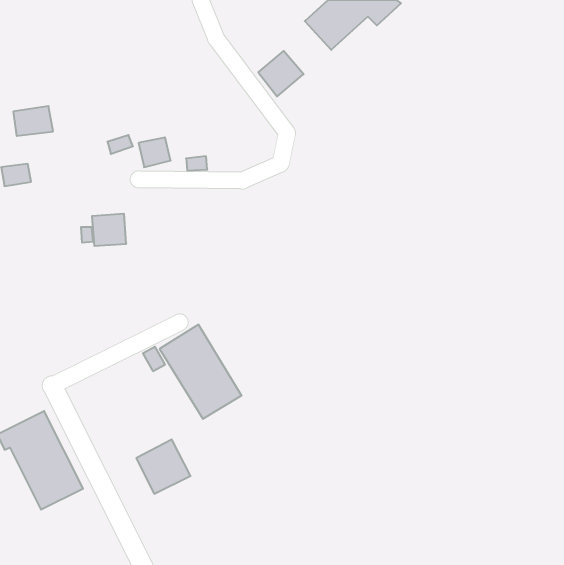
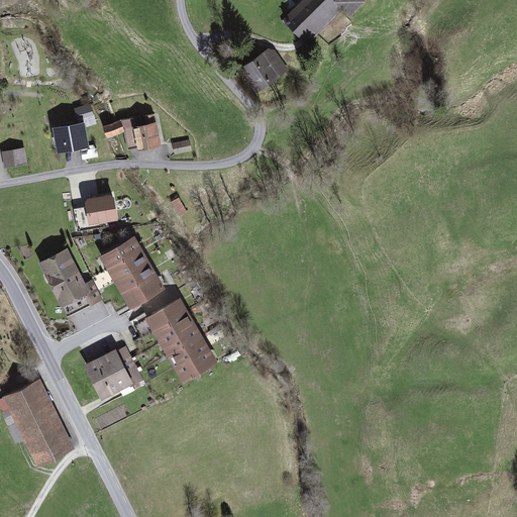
building: [13,106,53,136] -> [47,127,84,154]
building: none -> [99,234,166,307]
building: none -> [39,245,101,313]
building: [136,439,191,494] -> [84,346,133,396]

